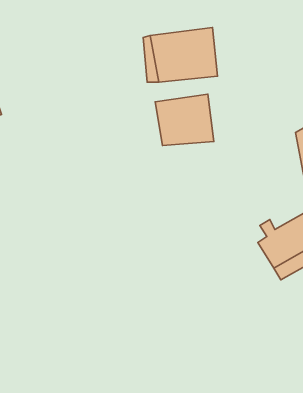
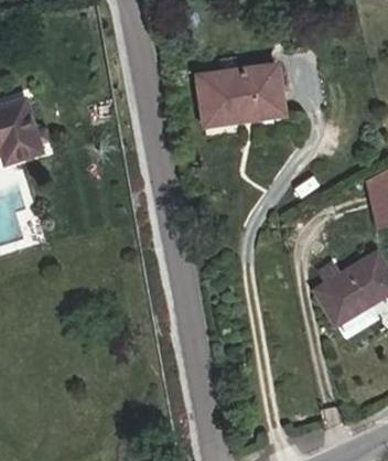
building: [155,94,214,146] -> none

